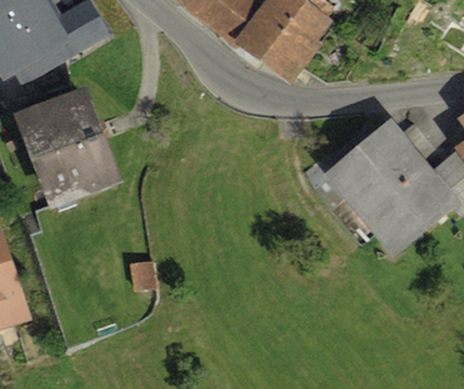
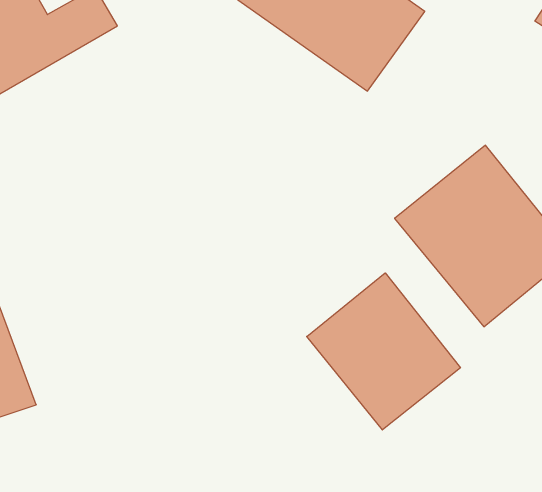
building: [24,83,115,194] -> none
building: none -> [307,273,460,430]

